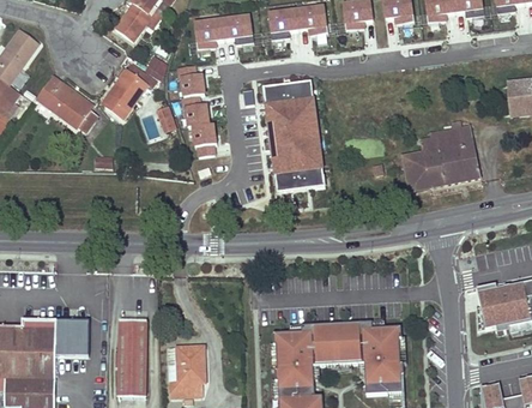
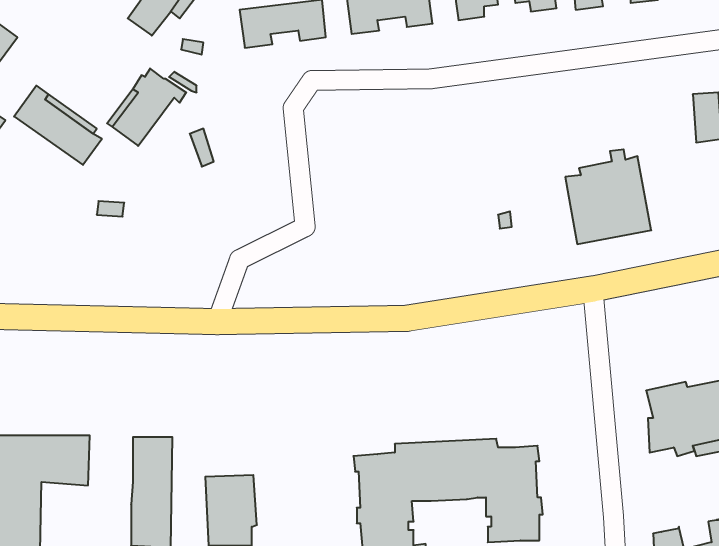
building: [177,64,216,155] -> none
building: [264,80,325,191] -> none
building: [404,151,428,188] -> none

